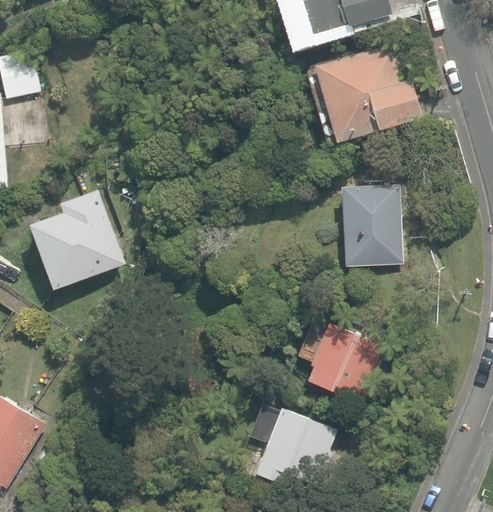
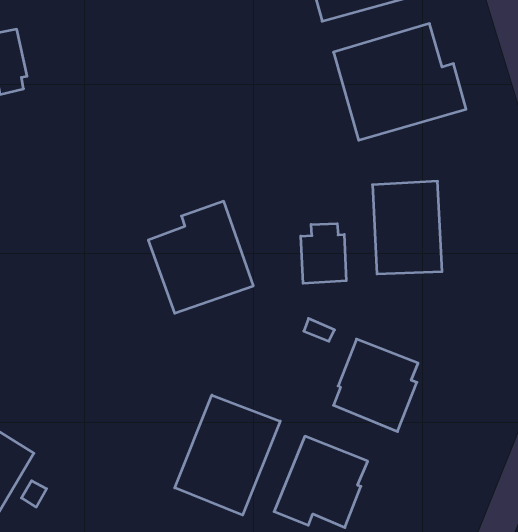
building: [32,190,124,288] -> [148,201,253,313]
building: none -> [301,224,346,283]
building: none -> [175,395,280,515]

